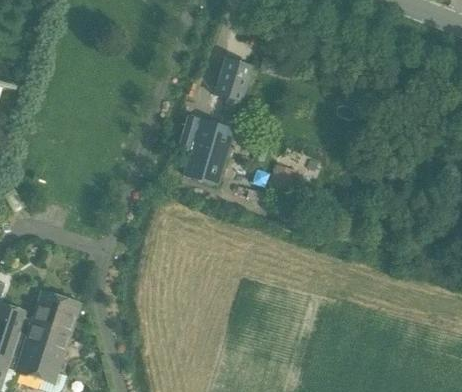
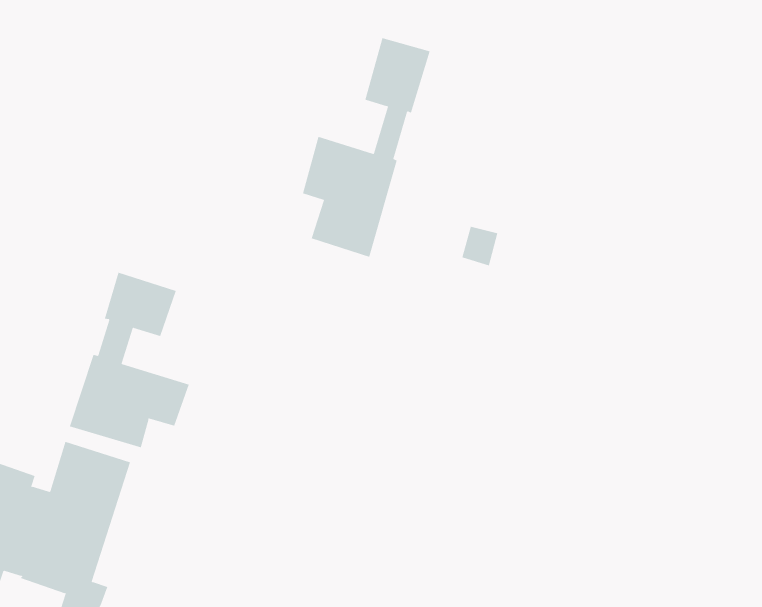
building: none -> [69,272,189,448]

